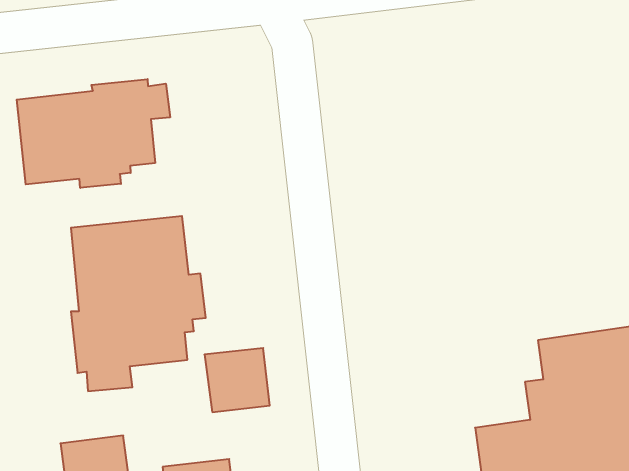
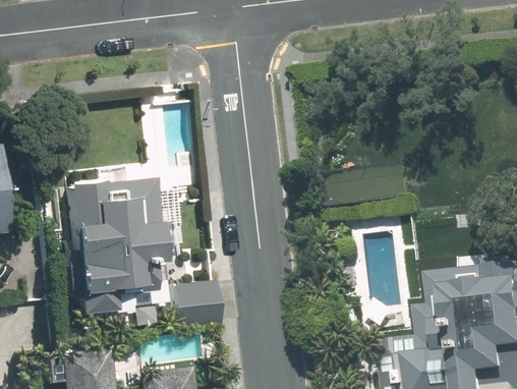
building: [17,79,170,188] -> none

